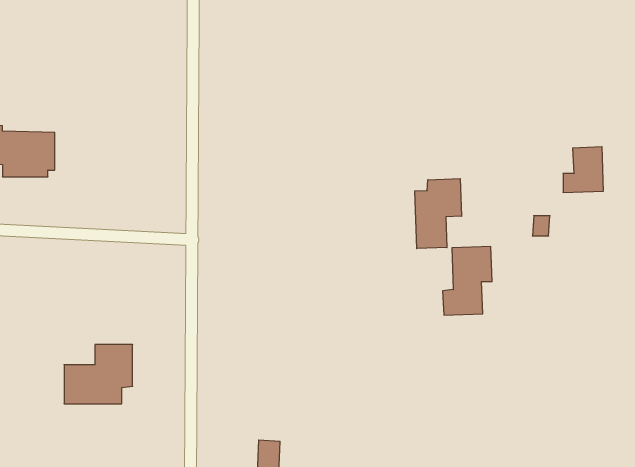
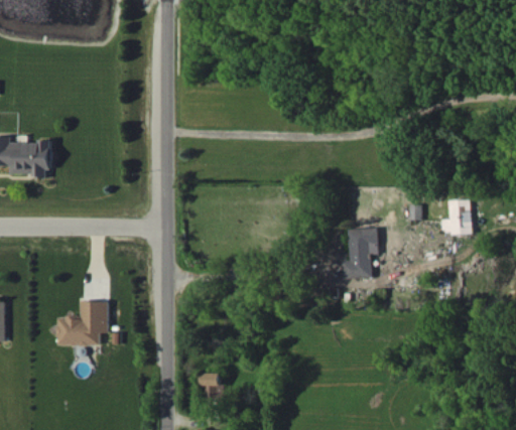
building: [563,147,603,192] -> [441,199,472,234]
building: [415,179,462,249] -> none

